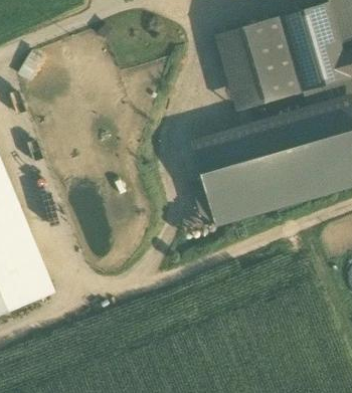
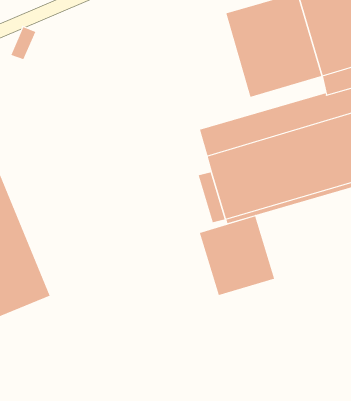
building: none -> [199,215,275,296]

